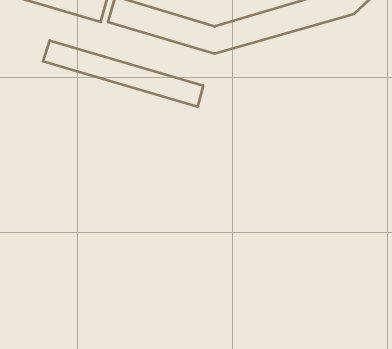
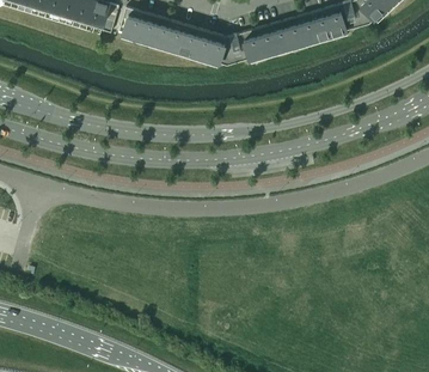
building: [43,40,203,107] -> none

